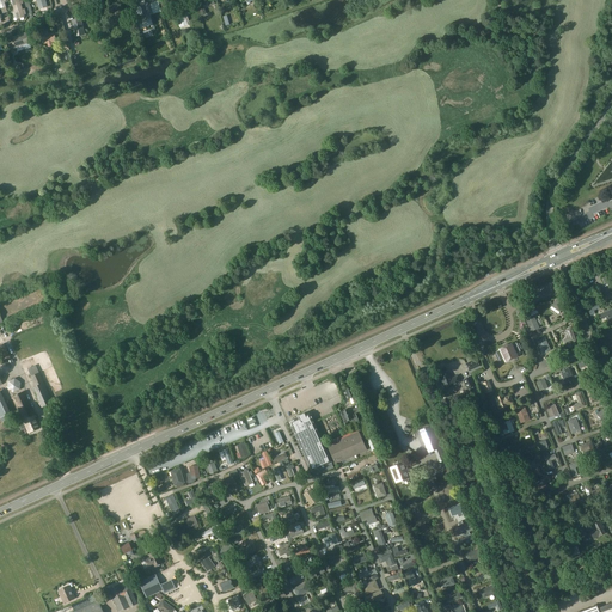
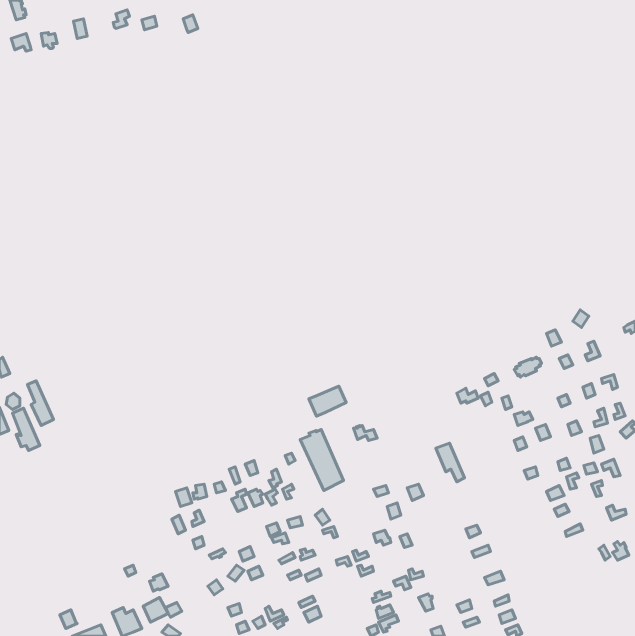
building: [326,434,362,463] -> [309,386,346,416]

